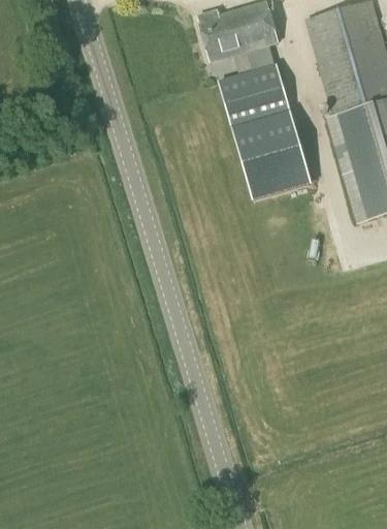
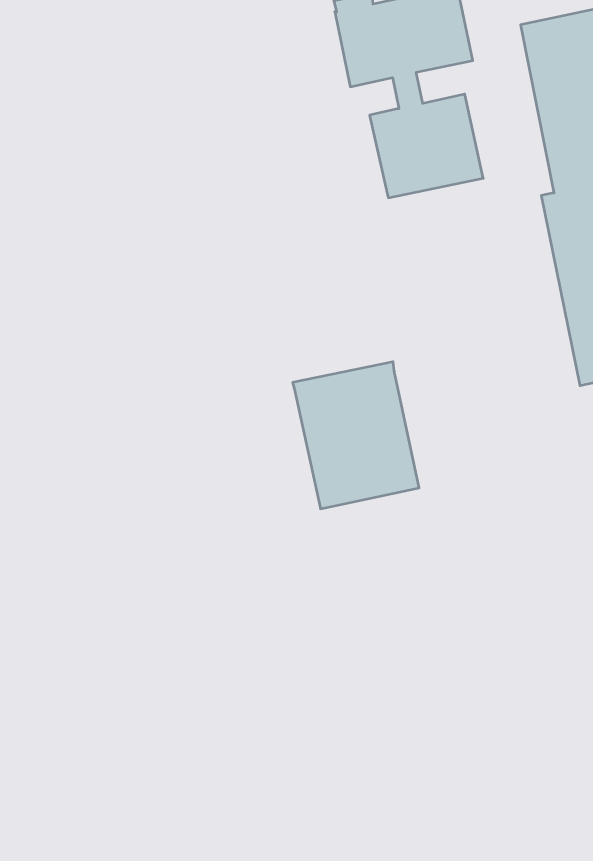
building: [231,111,309,198] -> [293,362,419,509]

